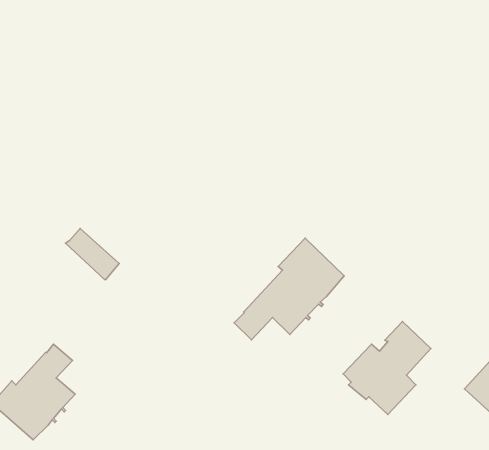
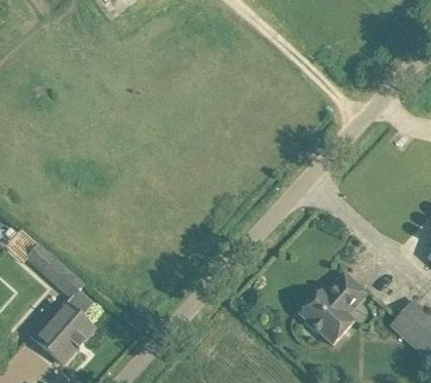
building: [65,228,119,280] -> [42,257,83,296]
building: [234,238,344,340] -> none

